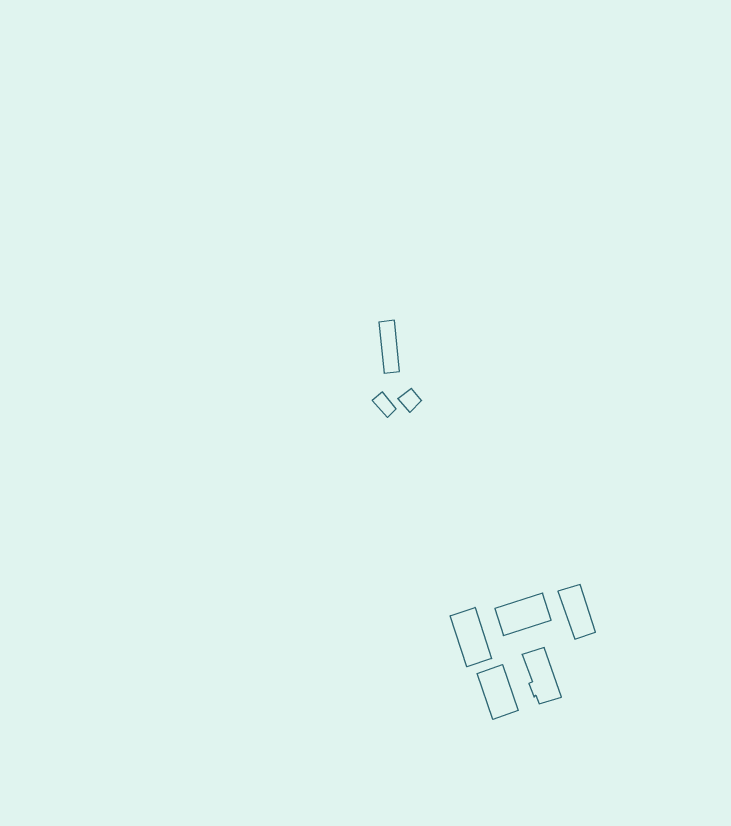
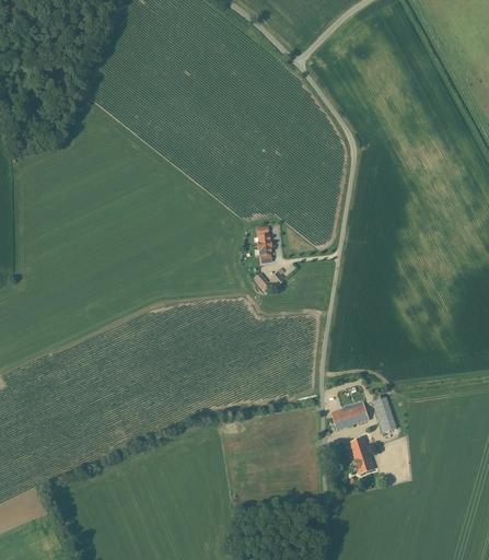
building: [450,607,492,667] -> none
building: [477,665,518,719] -> none

